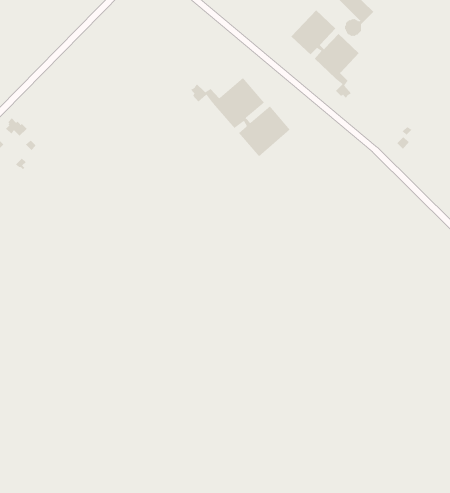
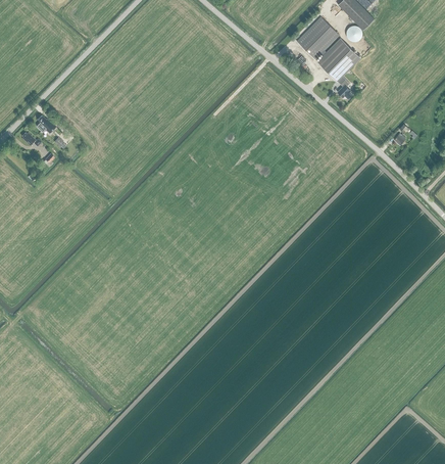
building: [190,77,291,157] -> none

